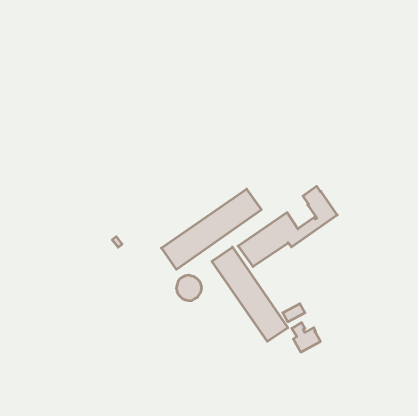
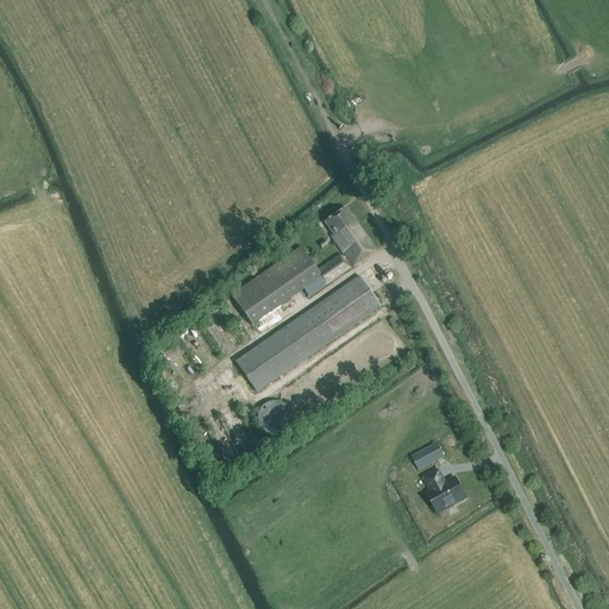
building: [238,186,337,267] -> [232,207,376,324]
building: [212,247,288,341] -> none

